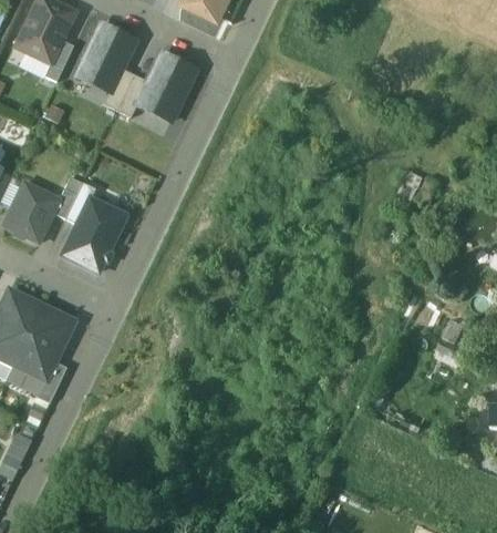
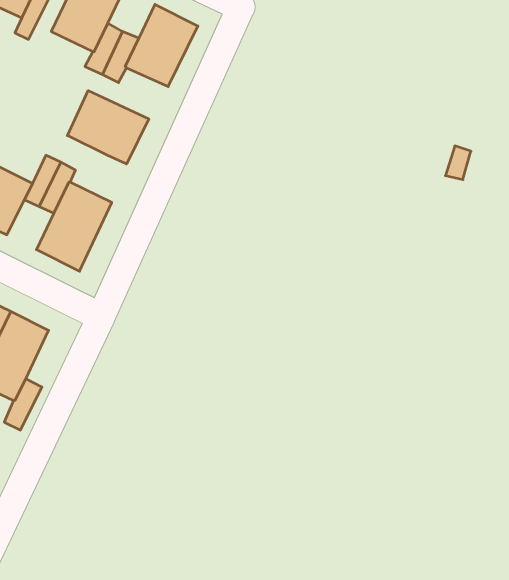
building: none -> [67,91,149,164]

